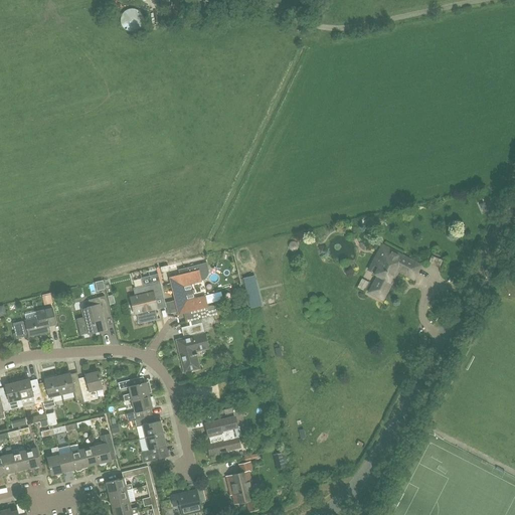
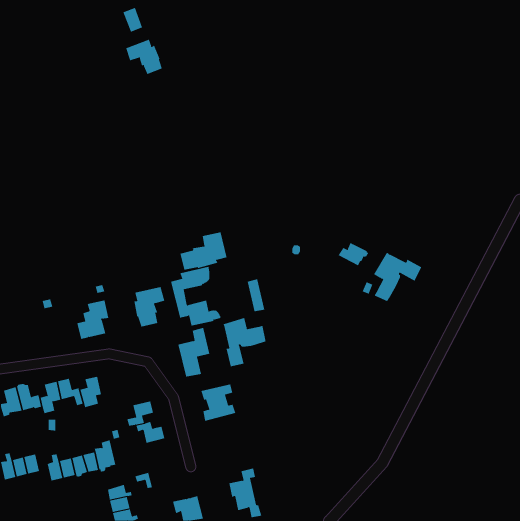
building: none -> [125,39,162,75]
building: none -> [180,232,227,270]
building: none -> [338,242,369,266]
building: [12,308,54,340] -> none
building: none -> [223,317,268,367]
building: [118,378,150,401] -> none
building: [204,417,239,455] -> [200,384,236,421]
building: [140,433,166,463] -> none

